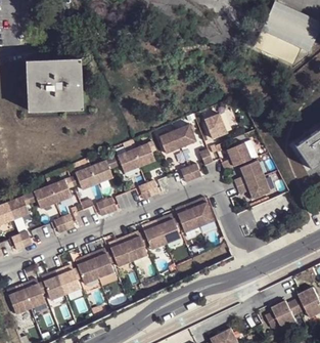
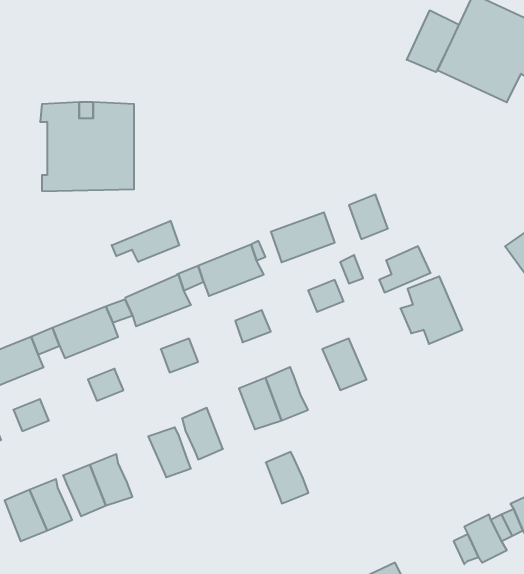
building: none -> [407,10,459,72]
building: none -> [112,221,179,262]
building: [175,204,199,233] -> none
building: [123,231,147,261] -> [266,452,308,503]
building: [75,254,99,284] -> none

